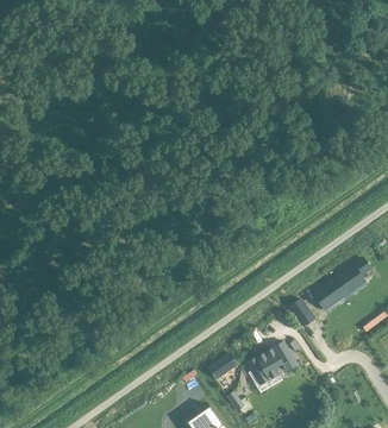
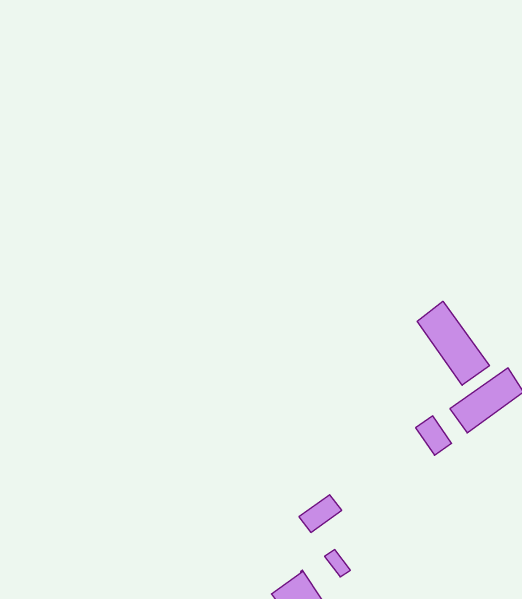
building: none -> [417,301,489,385]
building: [248,341,296,384] -> none

